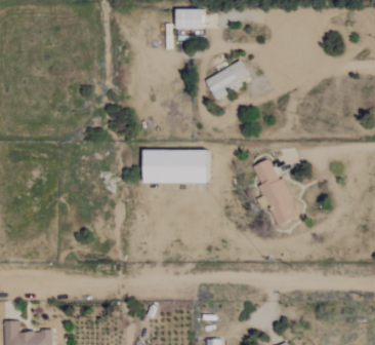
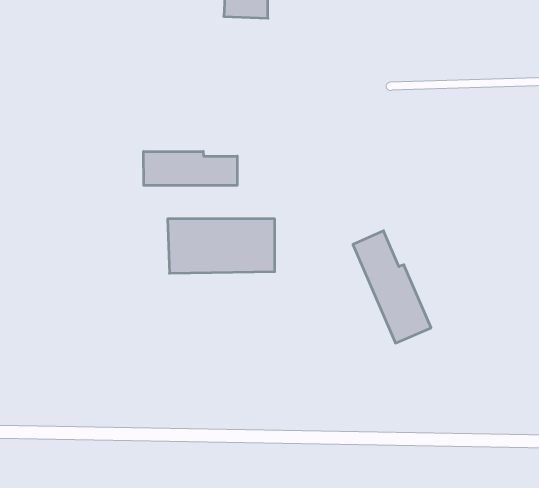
building: [205,61,248,101] -> none
building: none -> [144,151,237,185]

